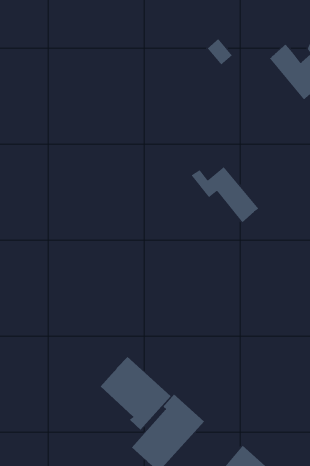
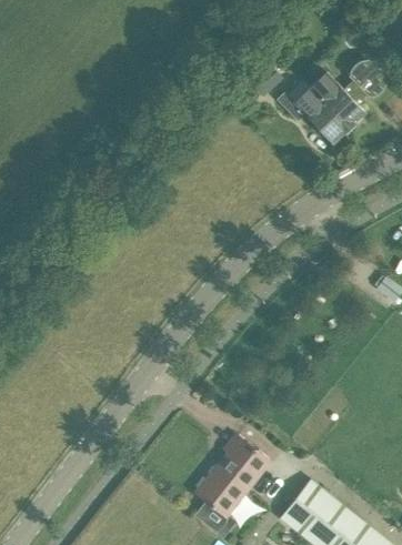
building: [191,166,259,223] -> [277,85,349,142]
building: [100,356,172,430] -> none

